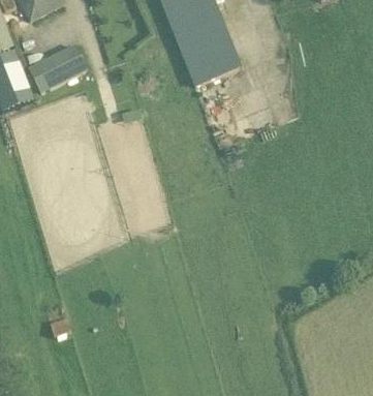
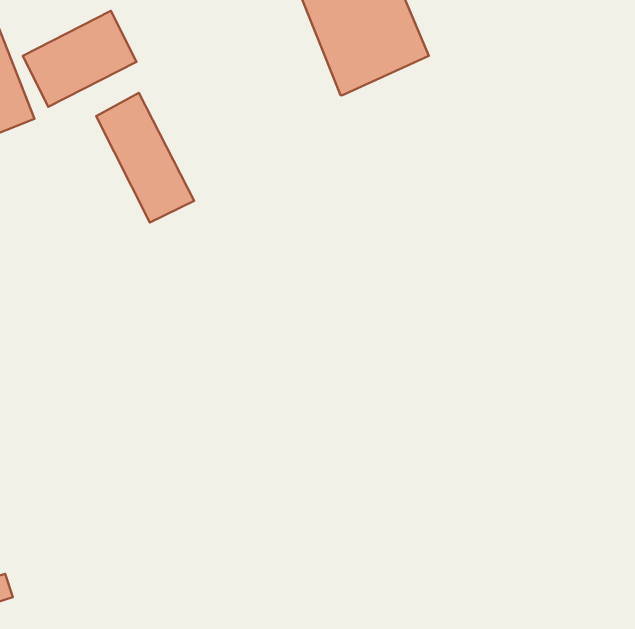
building: none -> [96,93,194,223]

